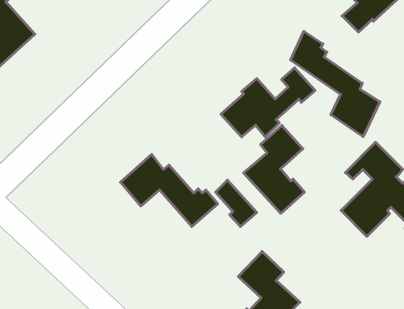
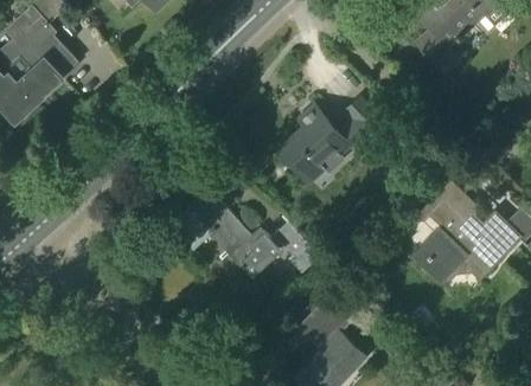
building: [291,31,380,137] -> none
building: [244,125,304,213] -> none

